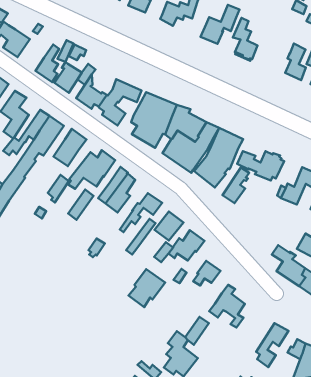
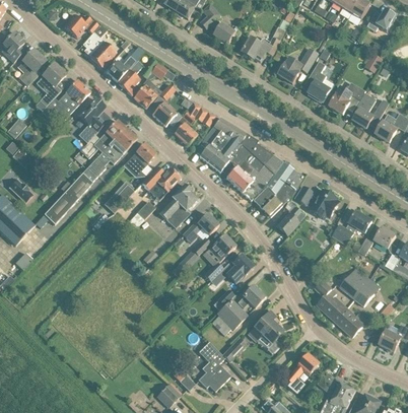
building: none -> [106,50,139,82]
building: none -> [329,83,364,114]
building: [128,269,165,307] -> [210,299,247,335]

